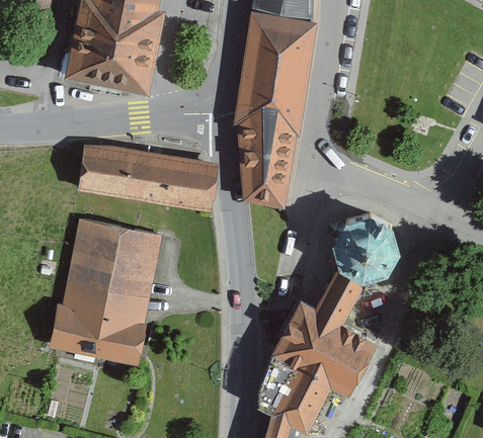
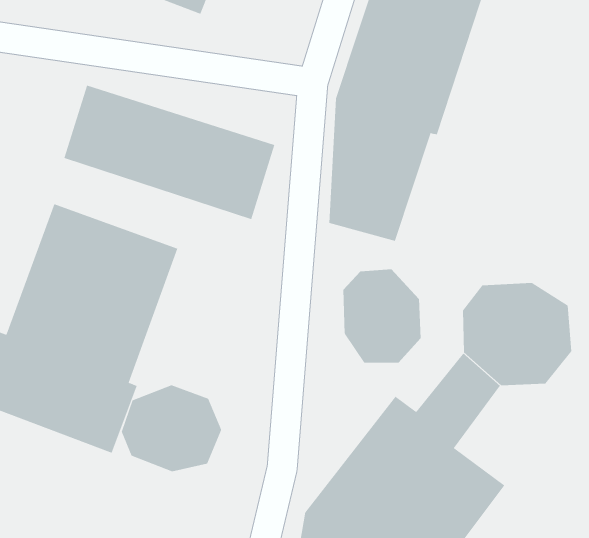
building: none -> [343,268,421,363]
building: none -> [121,384,222,472]

